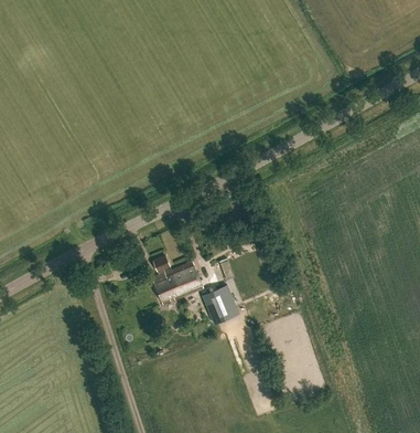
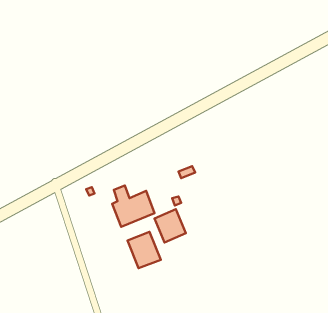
building: none -> [127,232,161,268]

